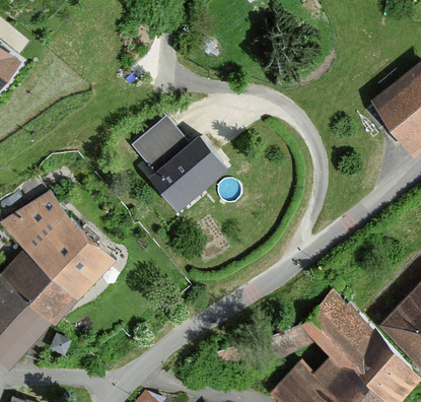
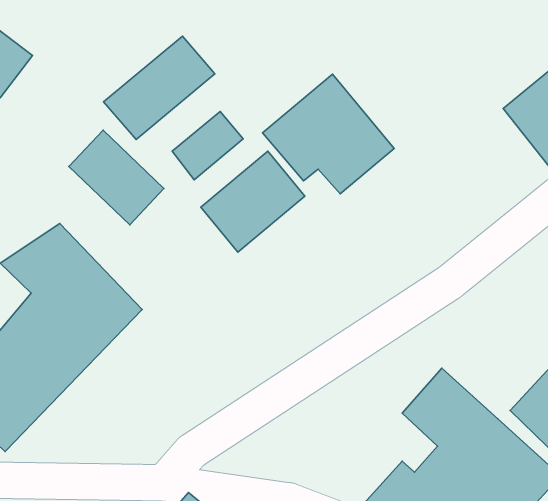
building: none -> [104,36,215,139]
building: none -> [262,74,394,194]
building: none -> [69,130,164,225]

